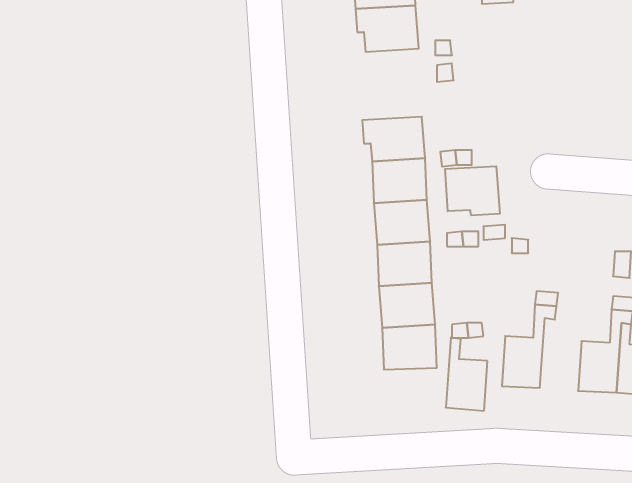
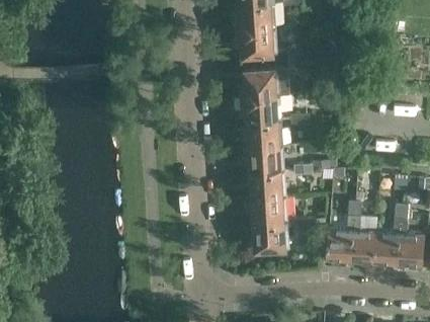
building: none -> [241,70,277,97]
building: [445,166,500,215] -> none
building: [446,338,487,411] -> [349,218,374,262]

